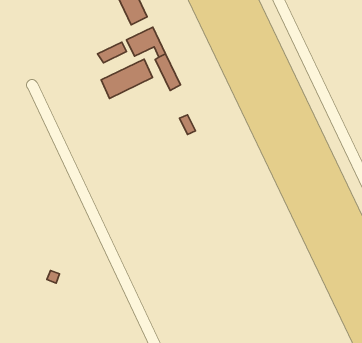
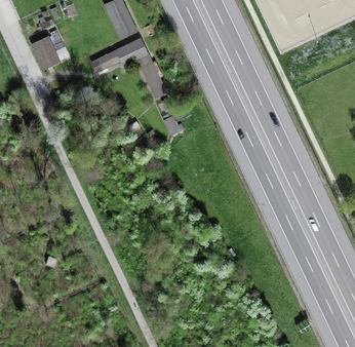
building: none -> [33,37,61,70]
building: [101,59,153,98] -> none

